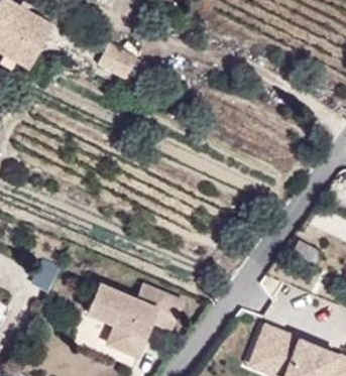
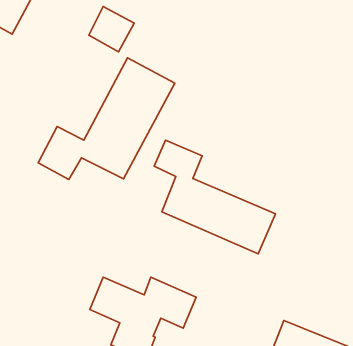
building: none -> [38,58,175,179]
building: none -> [154,140,276,254]

